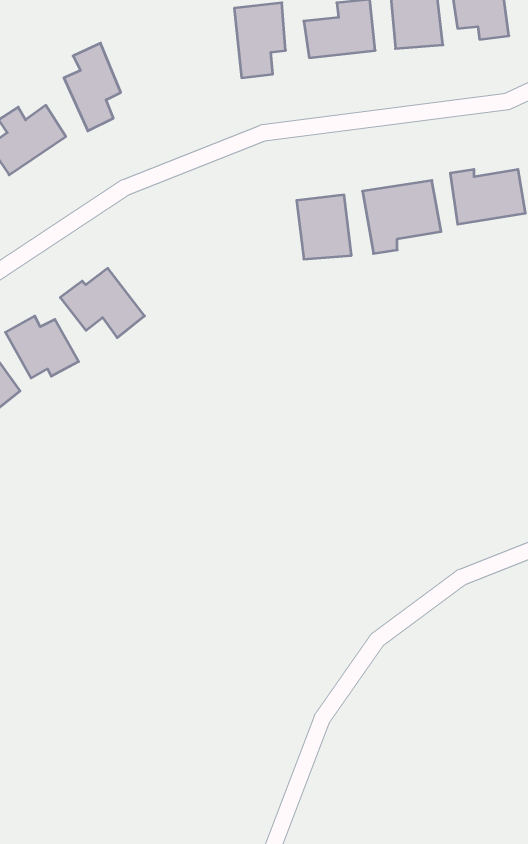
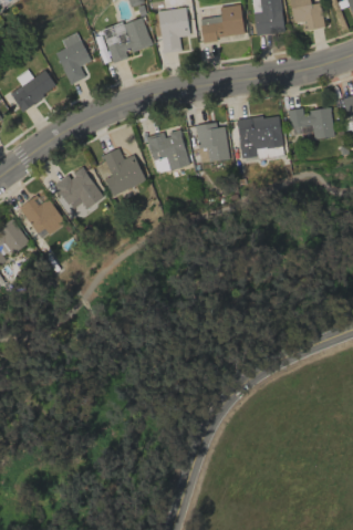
building: none -> [102,15,153,62]
building: none -> [147,128,189,170]
building: none -> [102,147,145,195]

